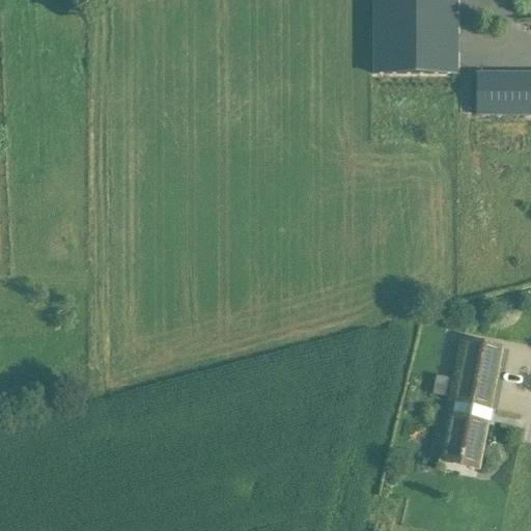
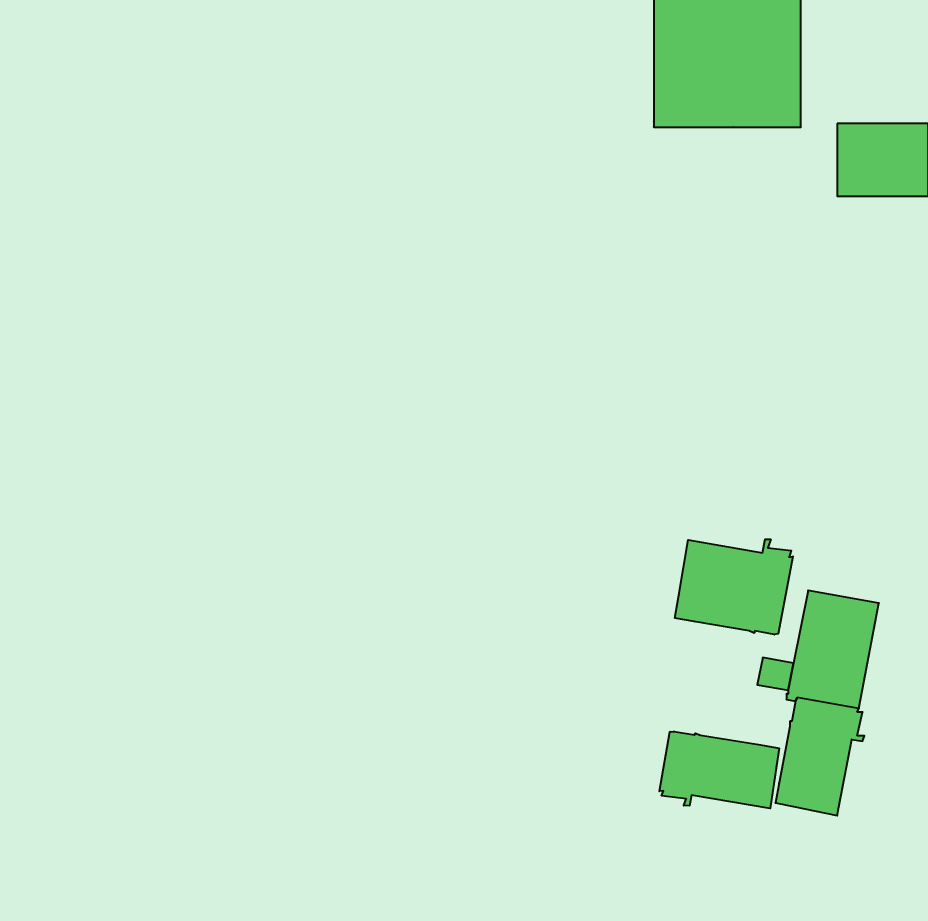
building: none -> [675,539,793,635]
building: none -> [659,731,779,808]

